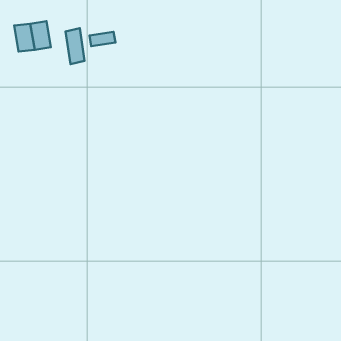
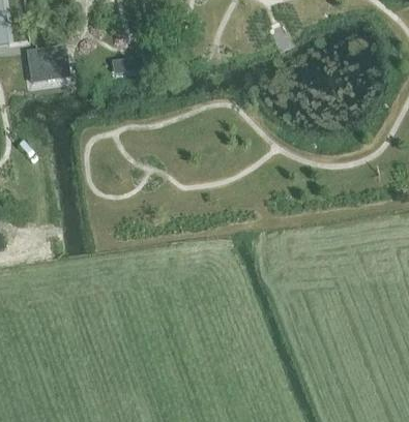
building: [66,28,85,64] -> none

